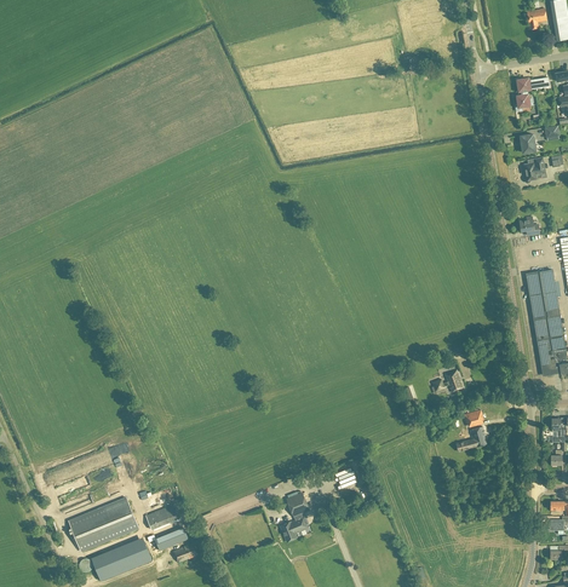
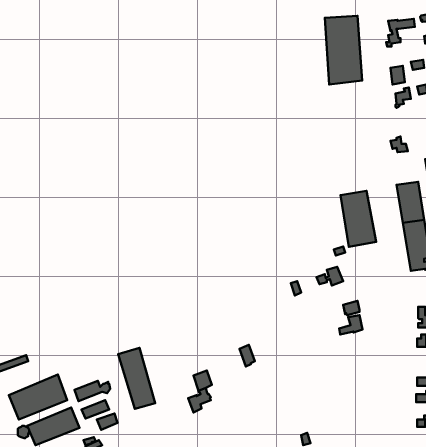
building: none -> [325,16,362,84]
building: none -> [340,191,376,247]
building: none -> [118,348,155,409]

